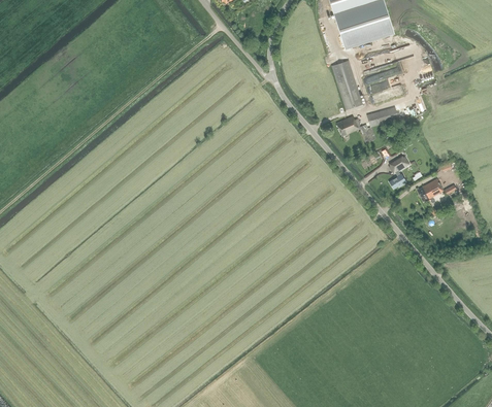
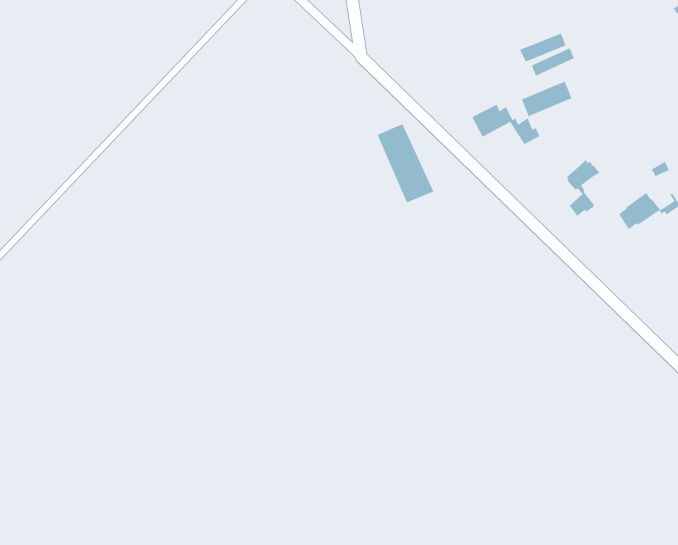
building: [332,60,363,108] -> [376,123,435,204]

